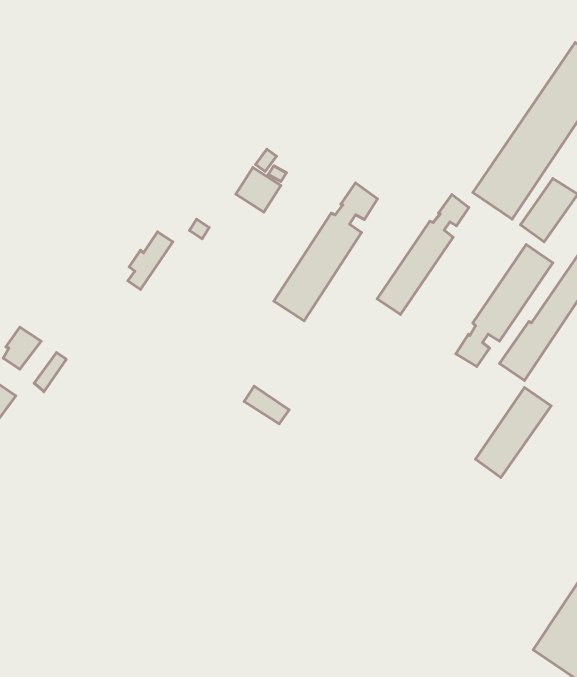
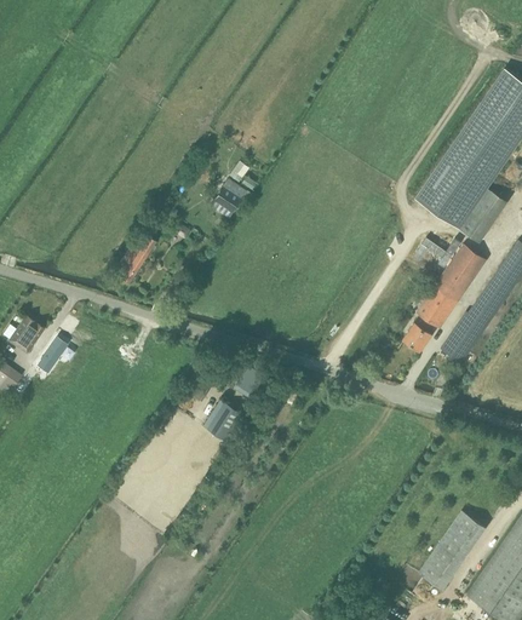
building: [274,183,378,321] -> none
building: [377,194,469,315] -> none
building: [476,388,551,477] -> [419,511,484,589]
building: none -> [206,403,240,443]

